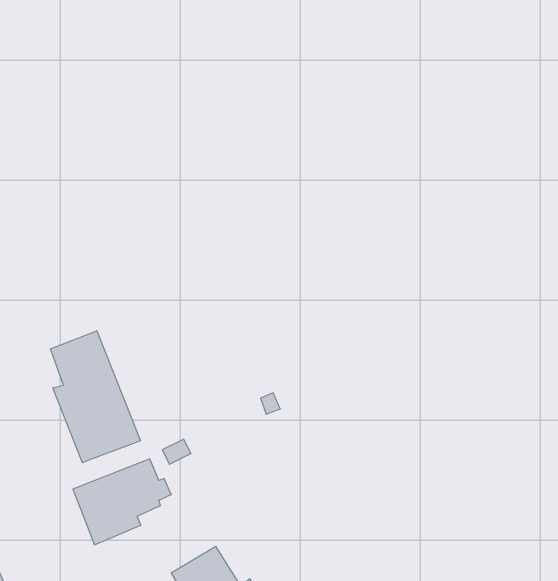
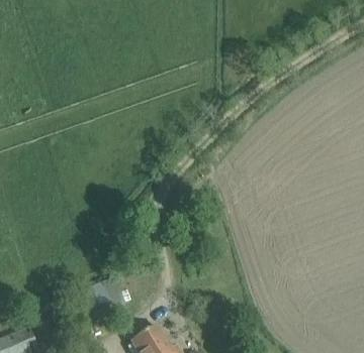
building: [51,331,140,463] -> none

